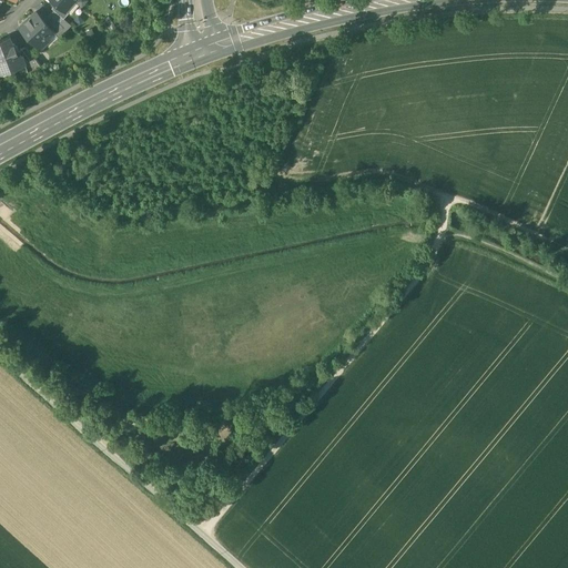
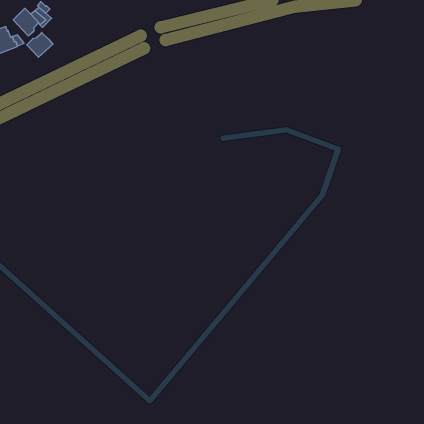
building: none -> [27,32,53,57]

